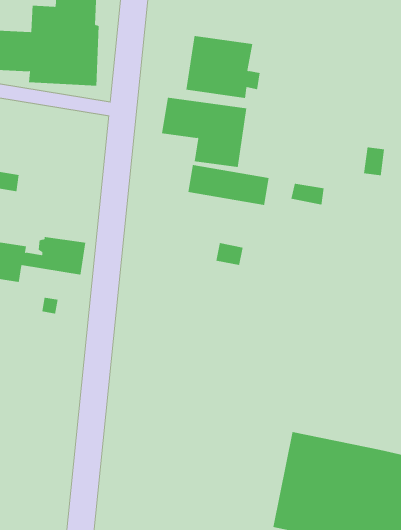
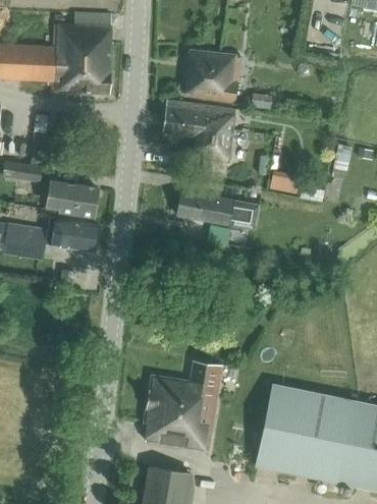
building: [187,164,270,206] -> [178,191,248,226]
building: none -> [47,182,97,216]
building: none -> [144,361,222,451]

